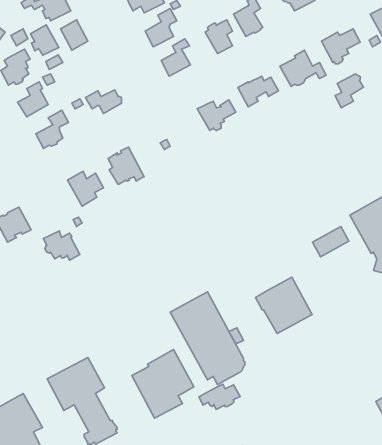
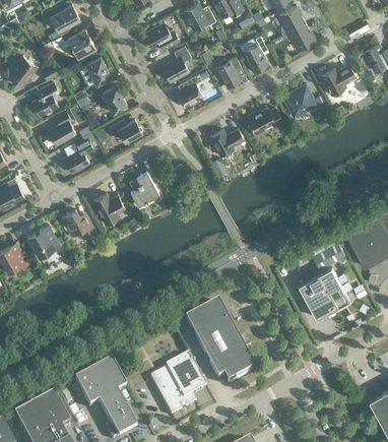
building: [30,25,59,55] -> [101,84,126,112]
building: [335,74,364,108] -> none
building: [44,231,80,260] -> [61,209,93,236]
building: [256,277,312,334] -> [299,266,349,317]
building: [199,384,240,409] -> none

